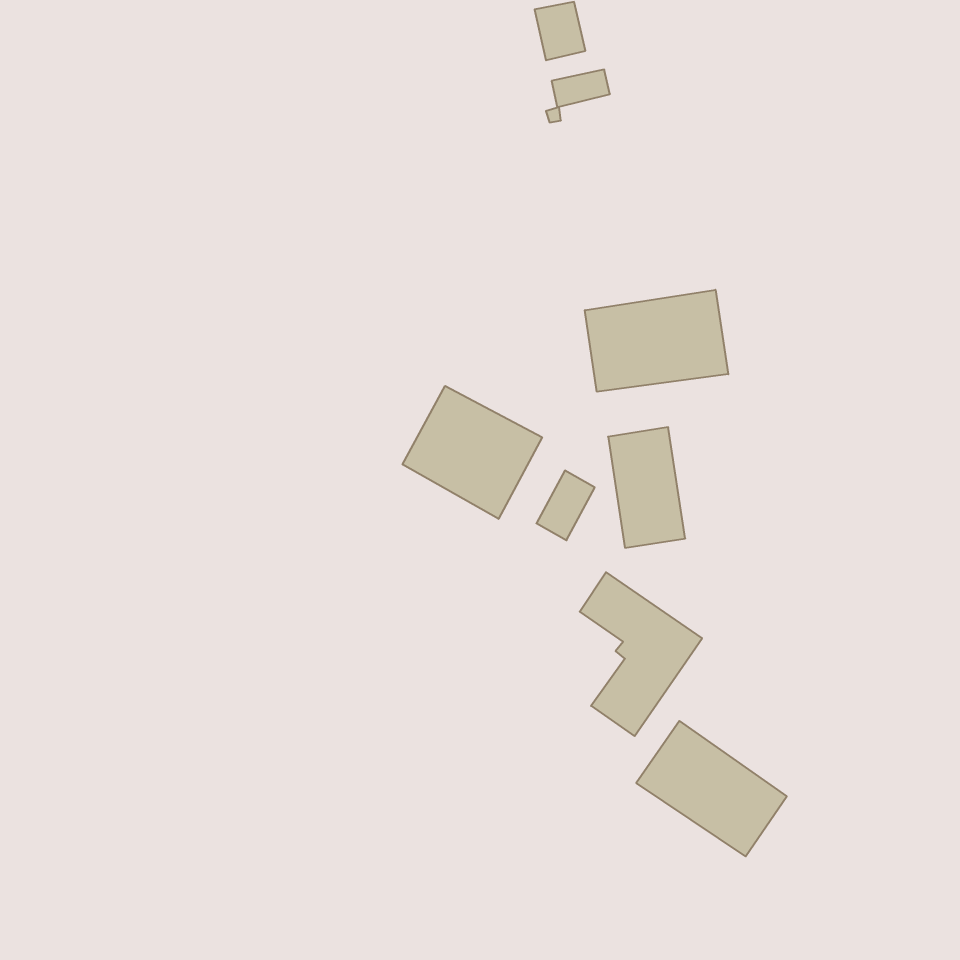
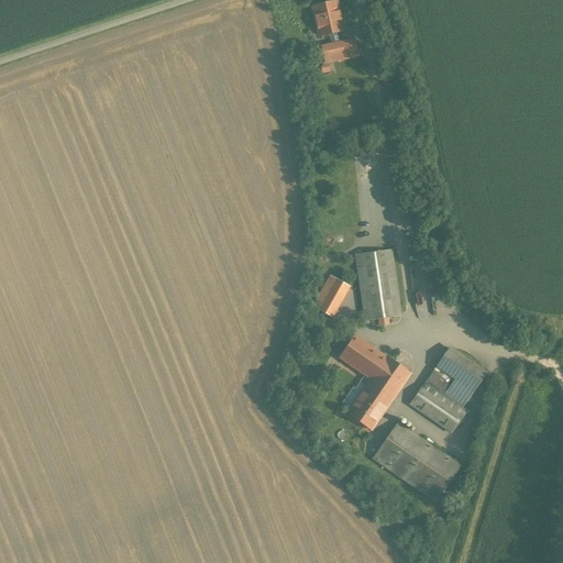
building: [585,290,728,392] -> none
building: [403,386,542,519] -> none
building: none -> [410,347,486,432]

